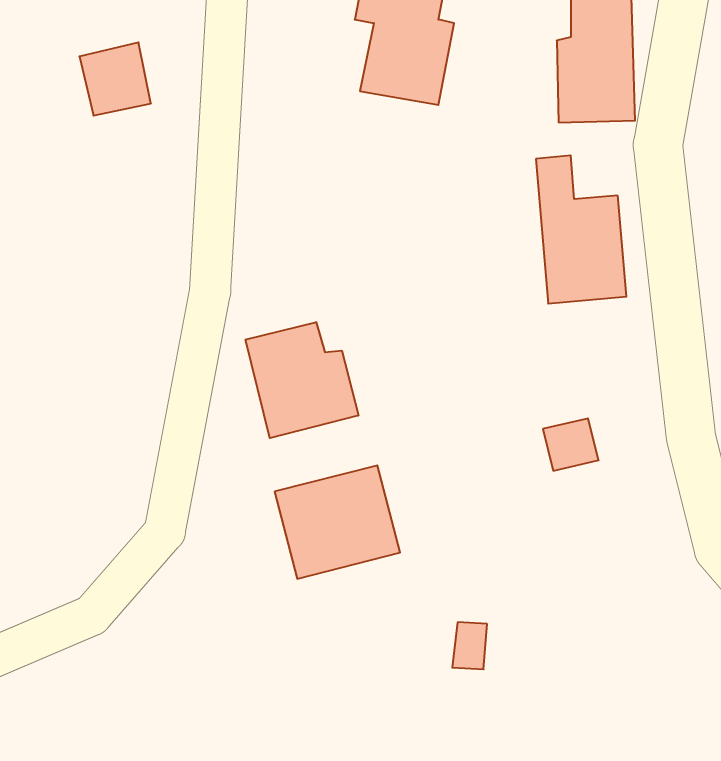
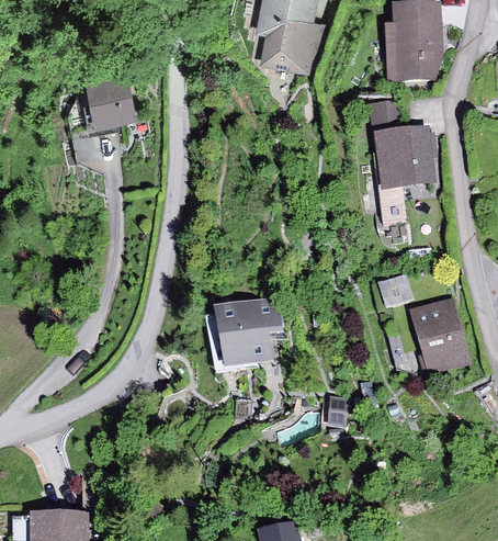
building: [79,42,151,116] -> [89,78,134,124]
building: [246,322,358,438] -> none
building: none -> [410,298,466,372]

